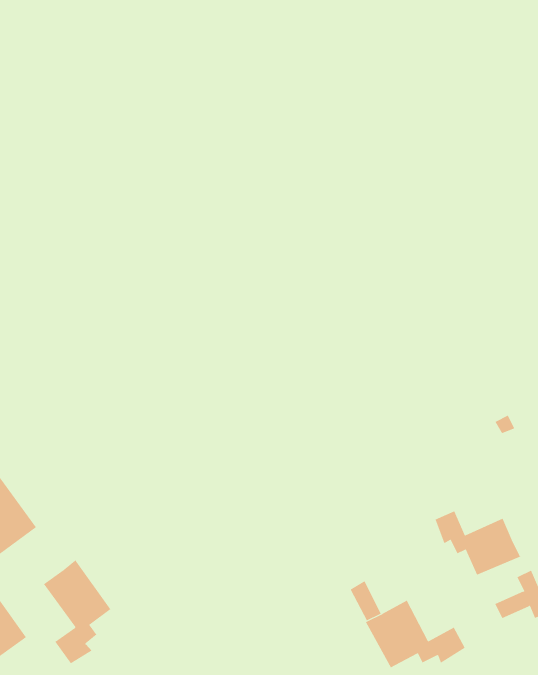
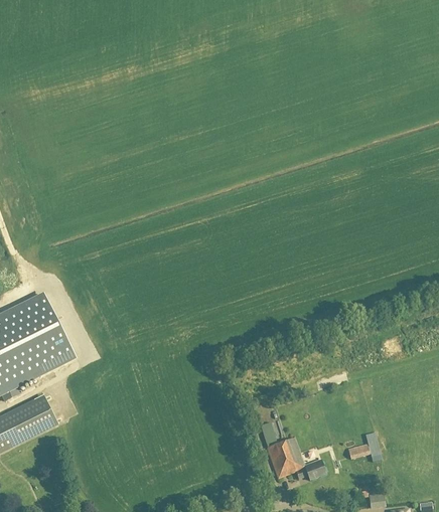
building: [435,511,521,576] -> none
building: [43,559,111,664] -> none

